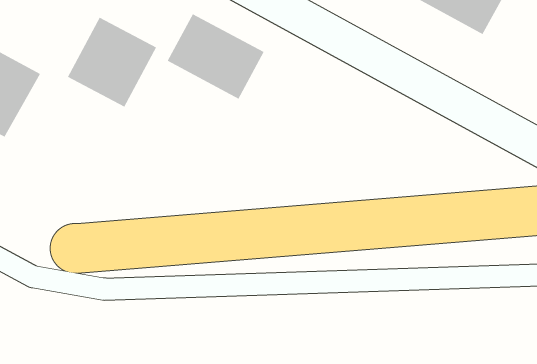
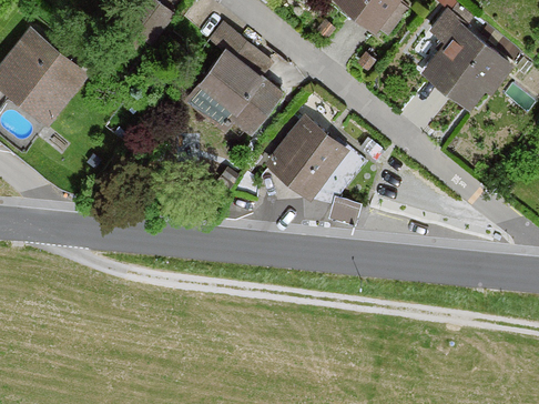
building: [67,17,157,108] -> none
building: none -> [266,112,349,196]

